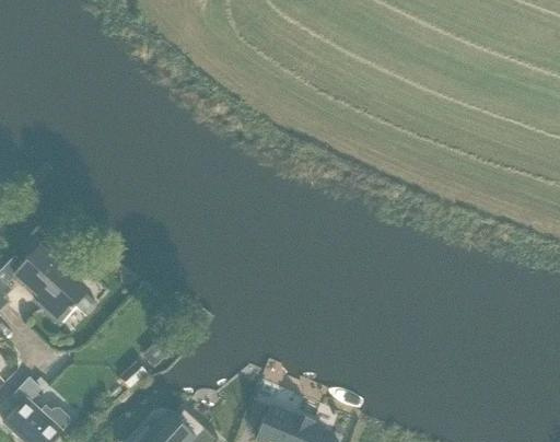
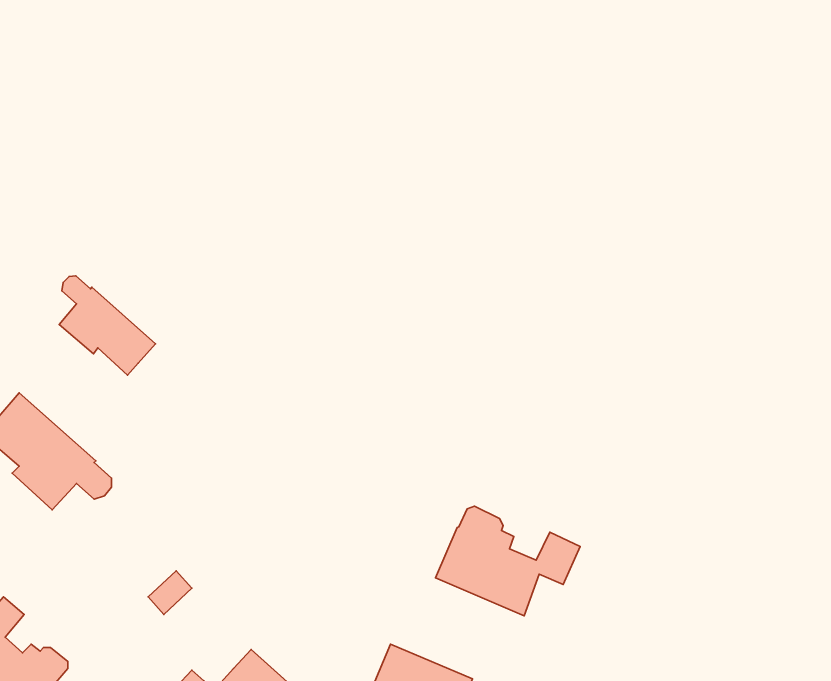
building: none -> [59,276,156,375]
building: none -> [435,506,580,616]

